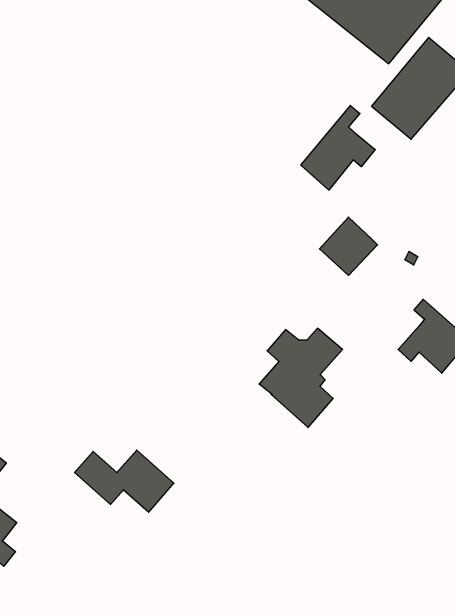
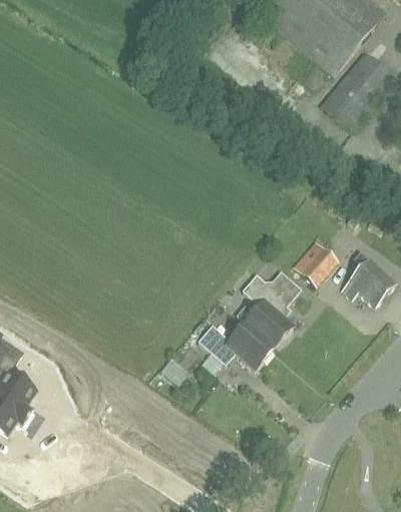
building: [301,105,375,190] -> none
building: [319,217,378,275] -> [292,238,336,283]
building: [75,450,174,512] -> [196,322,272,369]

